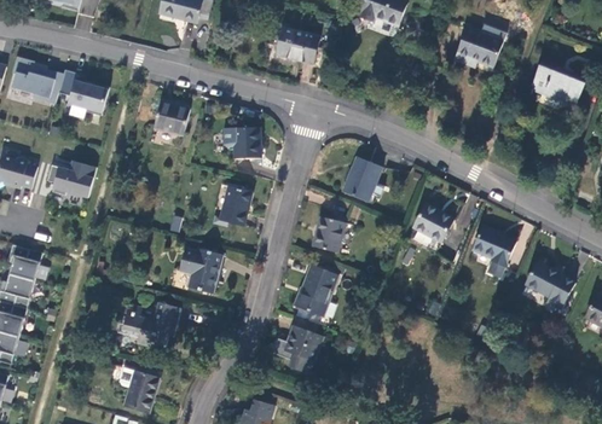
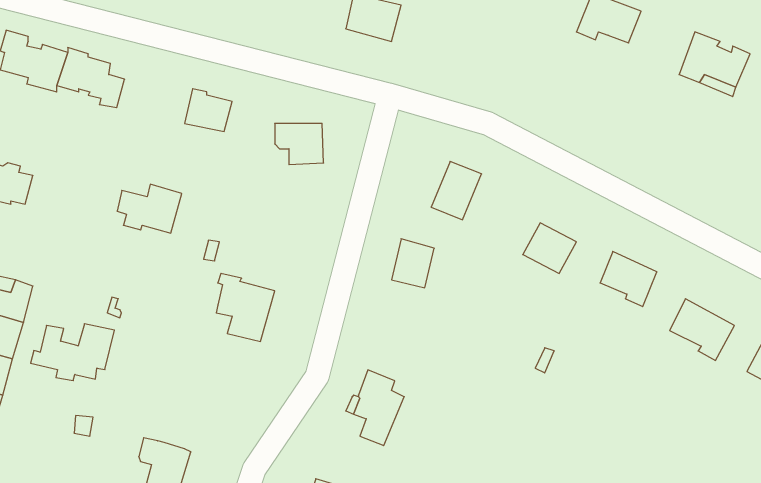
building: [47,159,97,197] -> [117,184,182,233]
building: [219,185,251,225] -> none
building: [294,265,337,315] -> none
building: [116,302,180,345] -> [31,324,114,381]

